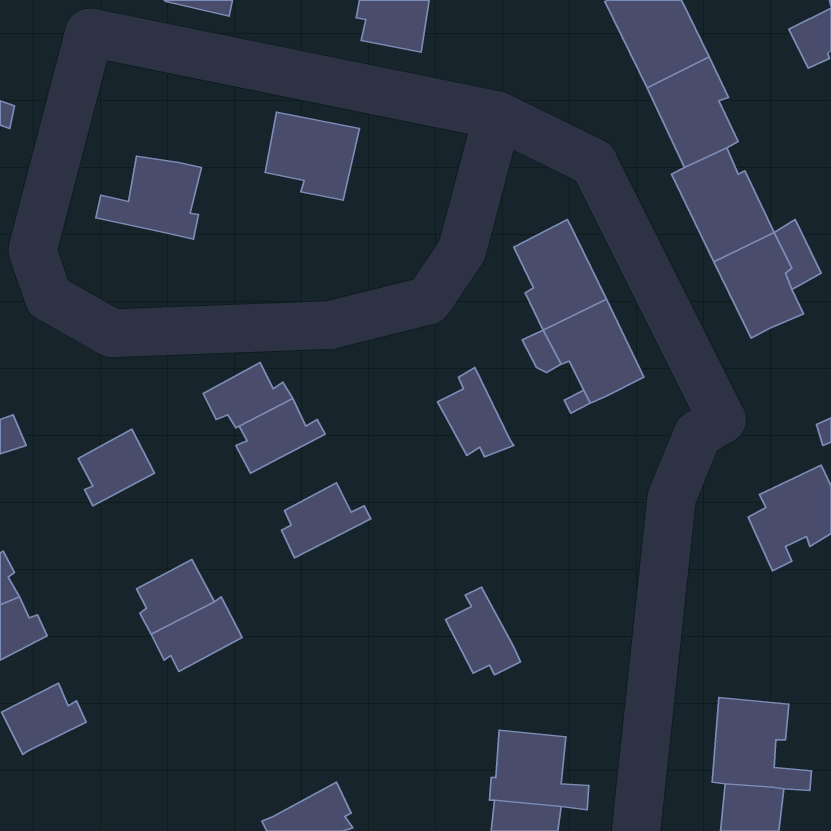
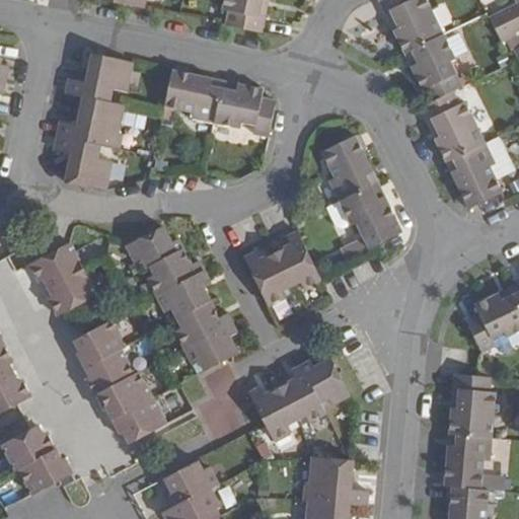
building: none -> [69,54,134,101]
building: none -> [214,80,276,139]
building: none -> [56,136,114,191]
building: none -> [30,242,82,286]
building: none -> [243,250,291,305]
building: none -> [156,271,210,318]
building: none -> [74,321,125,367]
building: none -> [183,323,236,370]
building: none -> [300,359,349,404]
building: none -> [448,375,495,439]
building: none -> [248,386,295,440]
building: none -> [112,397,165,443]
building: none -> [17,450,71,496]
building: none -> [164,460,217,509]

